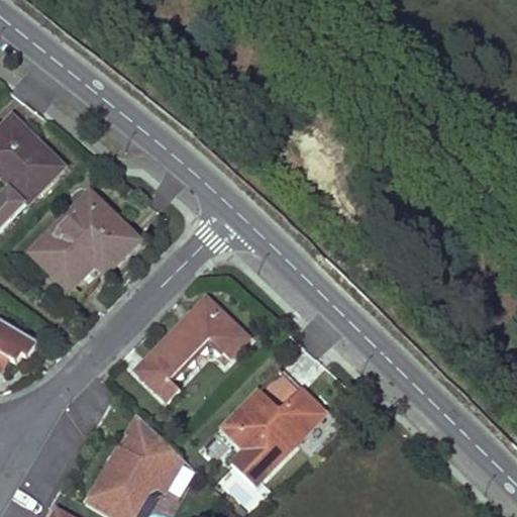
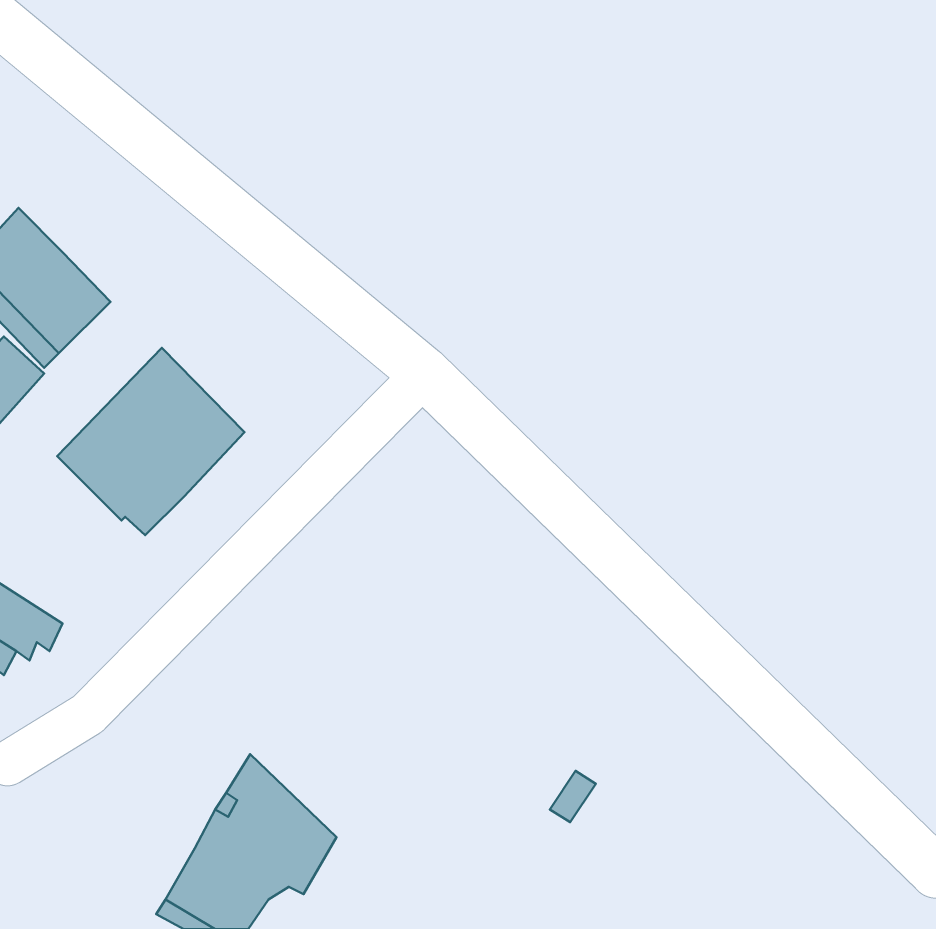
building: [137,297,245,399] -> none
building: [223,389,323,483] -> none

